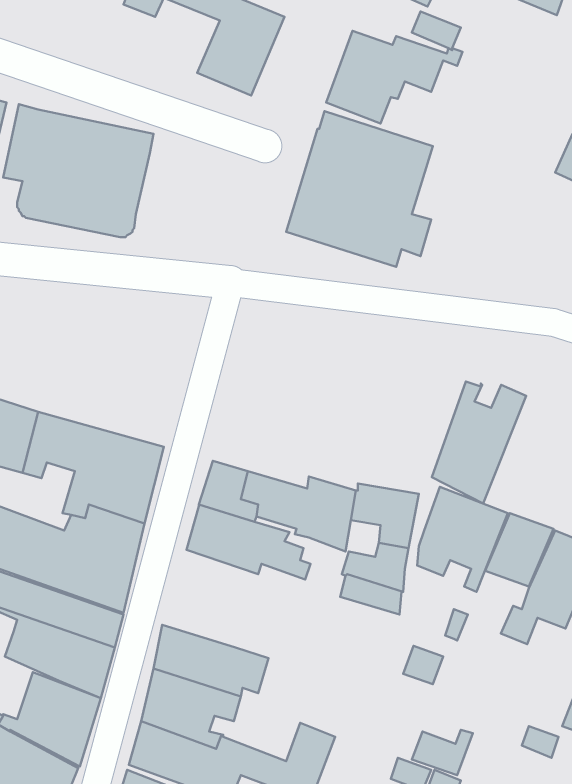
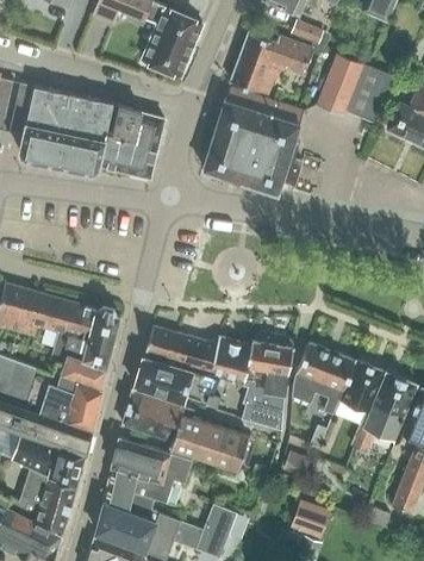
building: none -> [316,54,392,123]
building: none -> [100,106,163,177]
building: [432,382,526,504] -> none
building: none -> [121,389,248,470]

